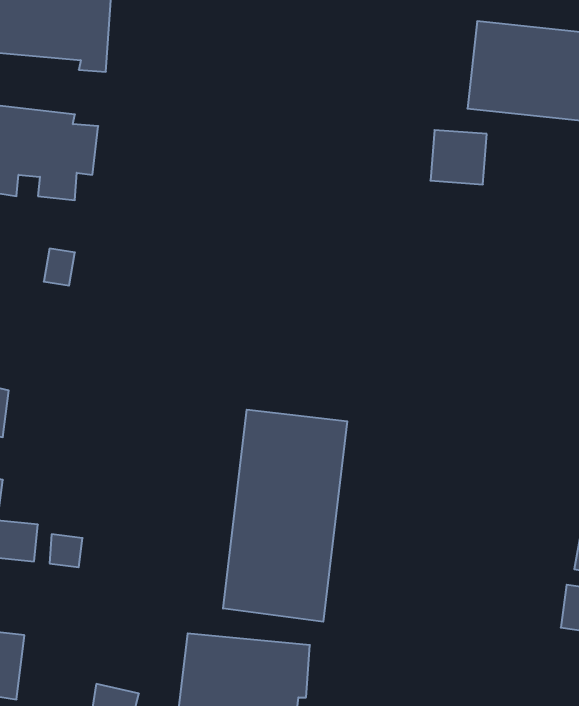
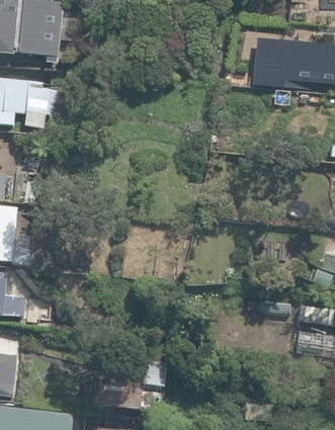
building: [223,410,347,622] -> none

